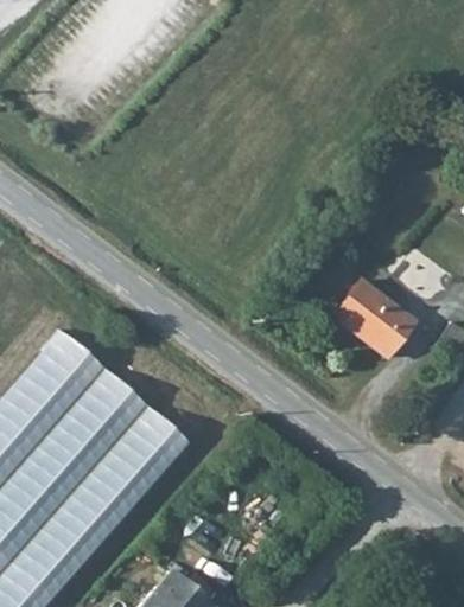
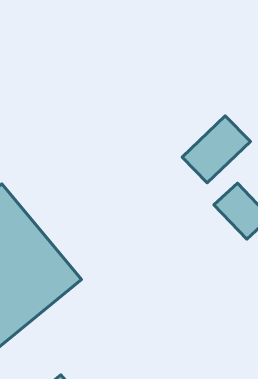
building: none -> [182,116,251,183]

